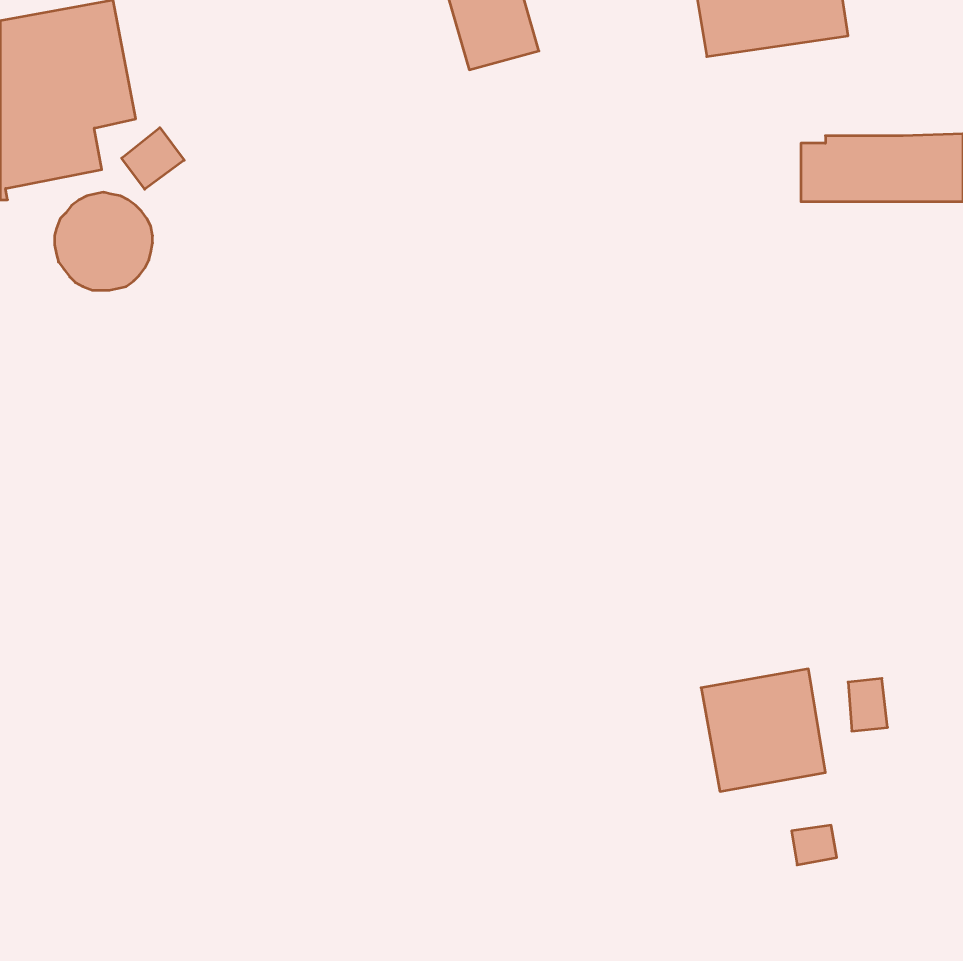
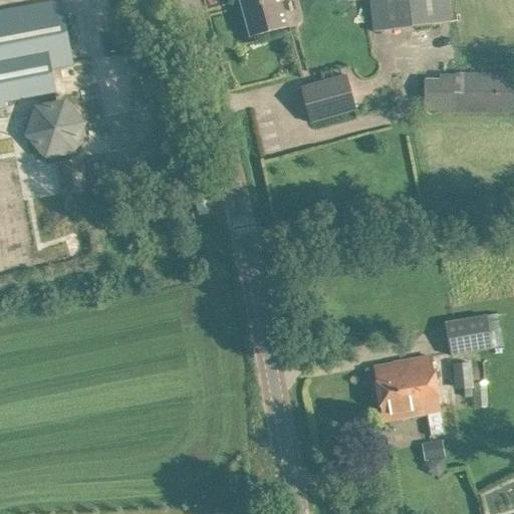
building: [122,128,184,189] -> none
building: none -> [300,73,355,120]
building: none -> [445,315,492,354]

